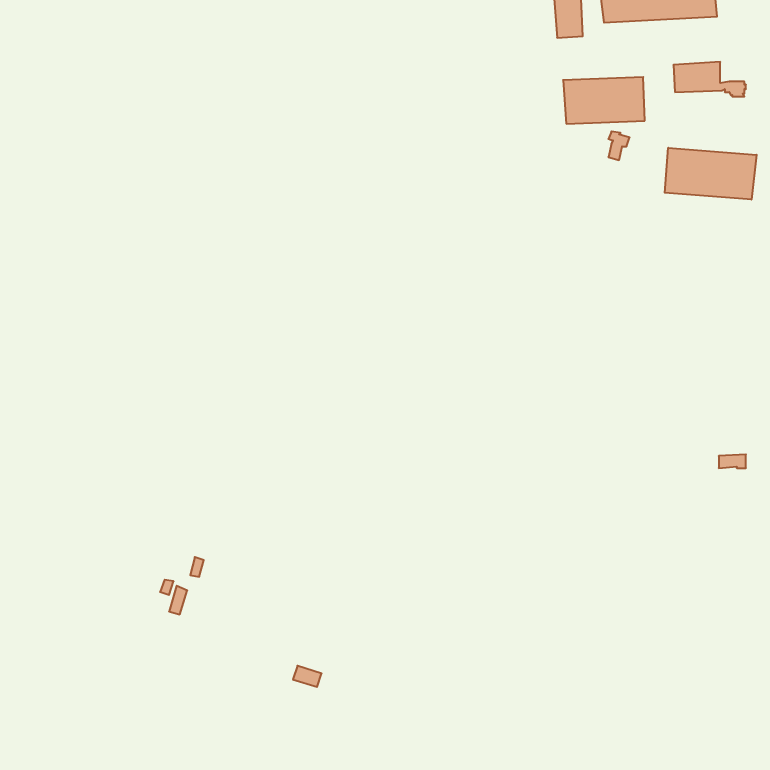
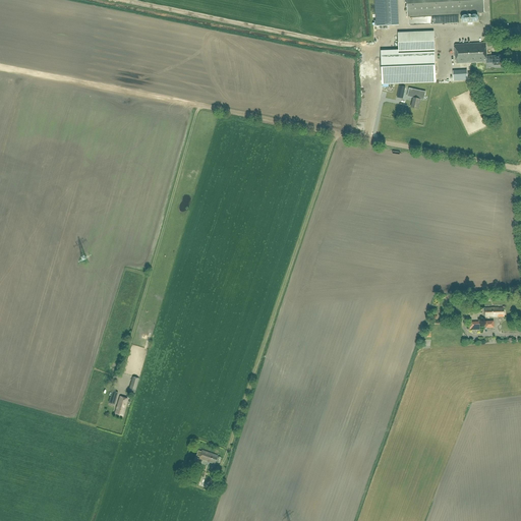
building: none -> [397,32,433,51]
building: [665,148,757,200] -> none

